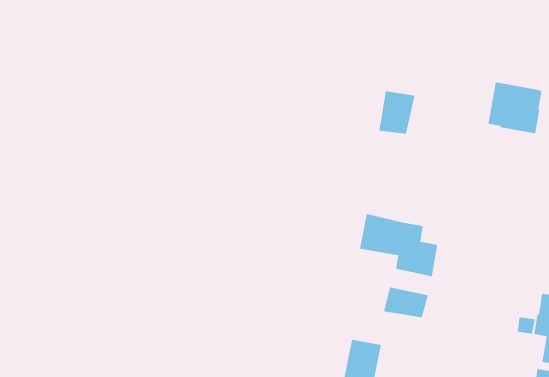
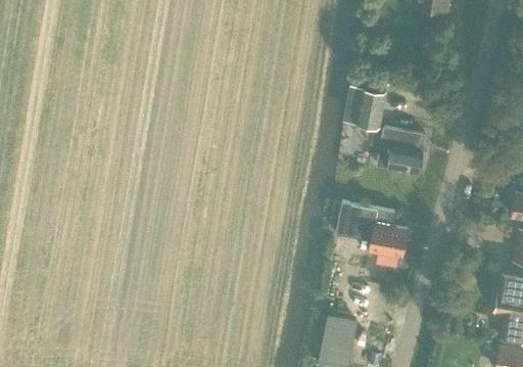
building: [487,81,542,134] -> [376,126,426,174]
building: [383,286,429,318] -> none

